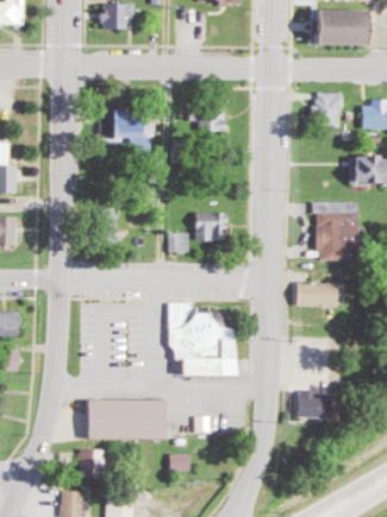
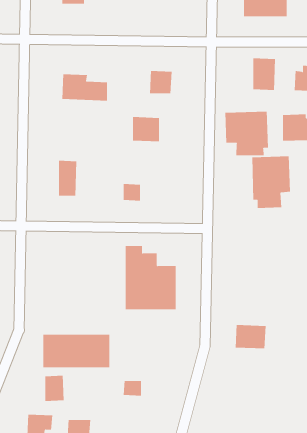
building: none -> [225,111,268,156]
building: [195,212,226,240] -> [132,117,160,142]
building: [295,282,335,305] -> none

